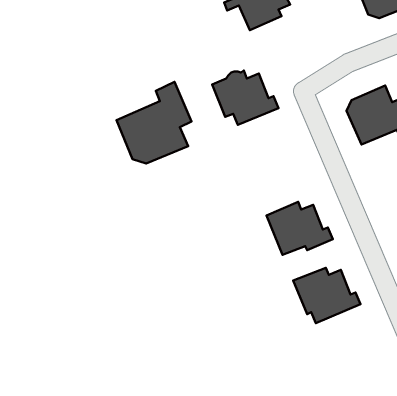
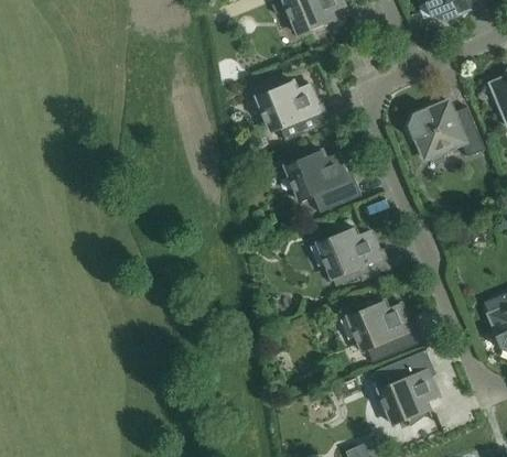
building: [116,82,192,164] -> none
building: none -> [283,149,360,211]
building: none -> [370,349,438,425]

